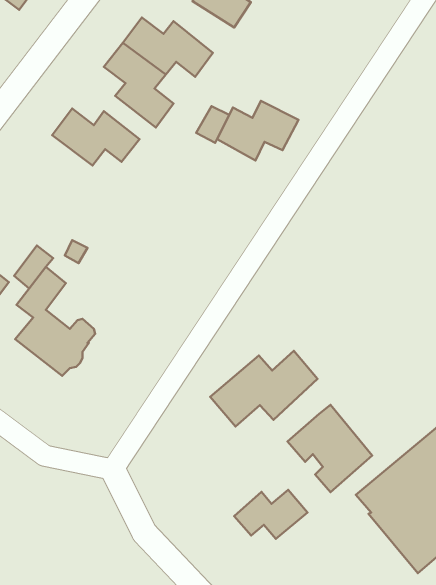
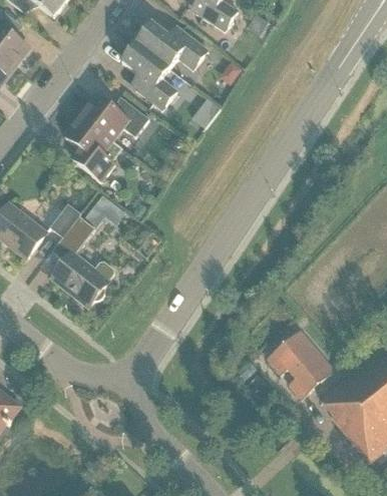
building: [217,101,299,160] -> none
building: none -> [63,115,121,180]
building: [210,351,318,426] -> none
building: [234,490,307,539] -> none

